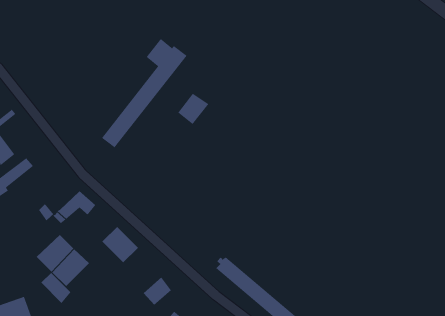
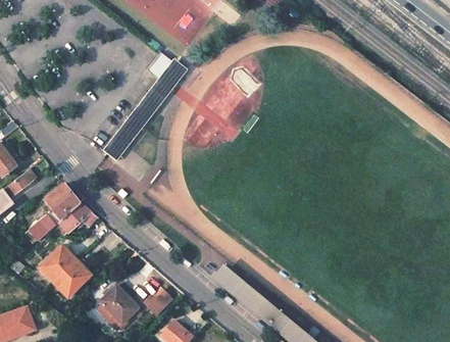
building: [177,93,209,125] -> none
building: none -> [45,184,80,221]
building: [102,226,139,263] -> [101,285,138,322]
building: [40,272,71,304] -> none

